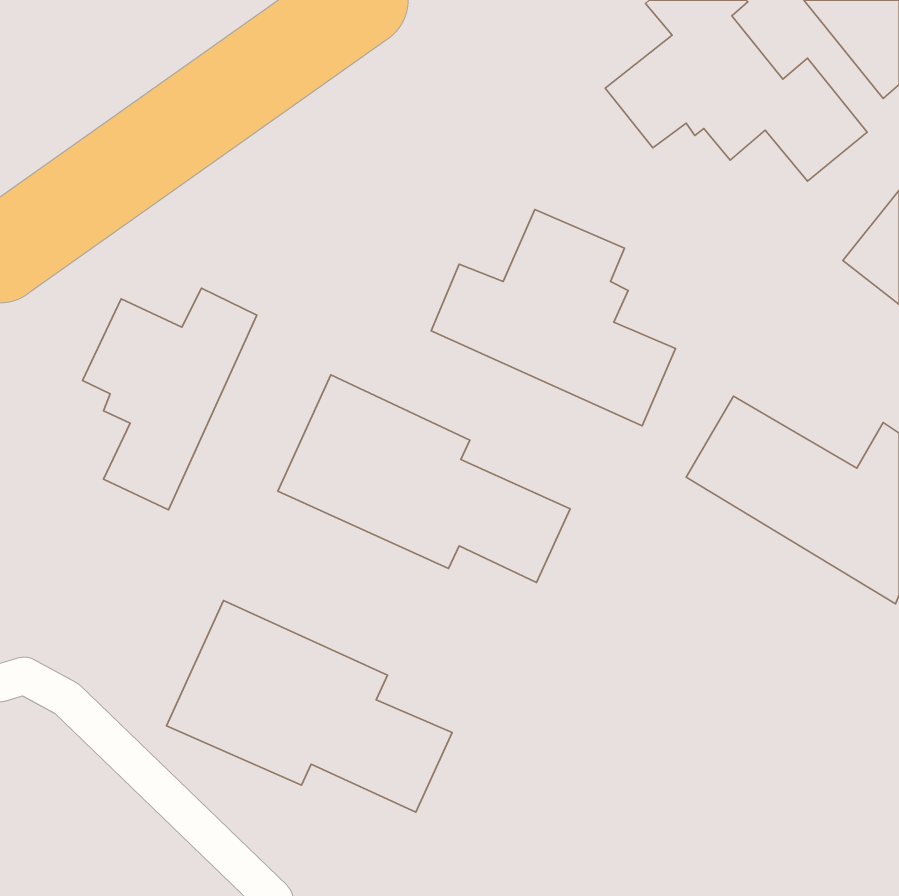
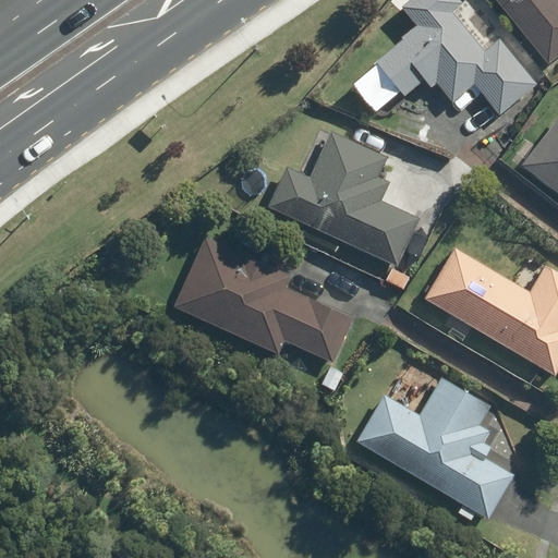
building: [83,288,257,510] -> none
building: [166,600,452,812] -> none
building: none -> [355,378,514,518]

